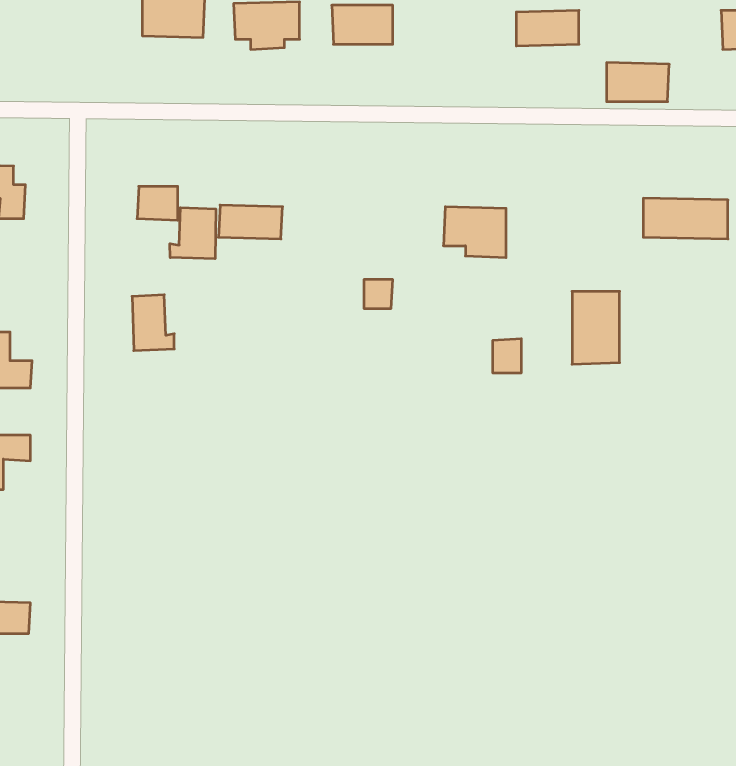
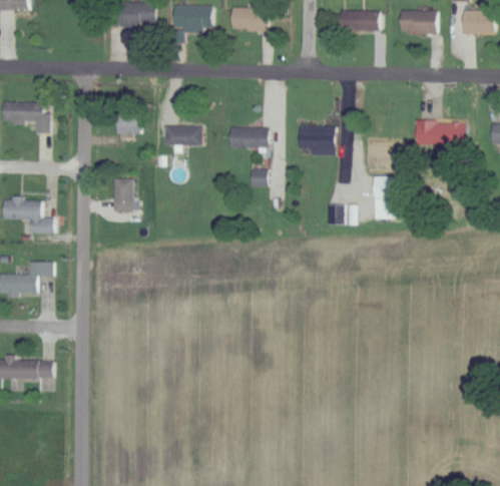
building: [607,63,669,102] -> [399,10,436,33]
building: [170,208,216,259] -> none
building: none -> [228,127,268,148]

